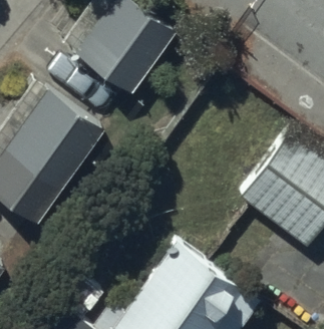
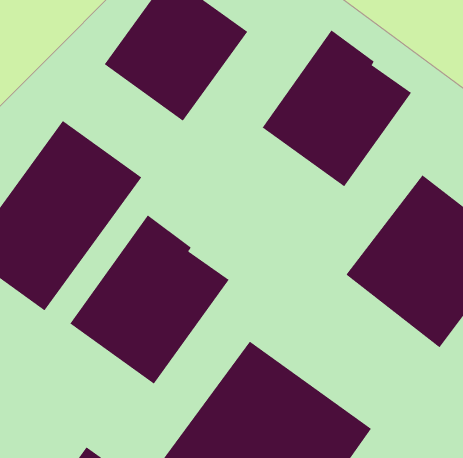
building: none -> [262,30,412,187]
building: none -> [70,215,229,385]

